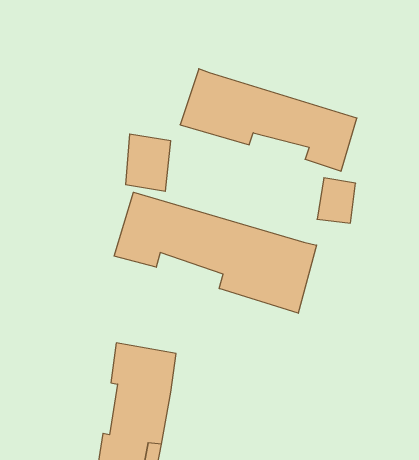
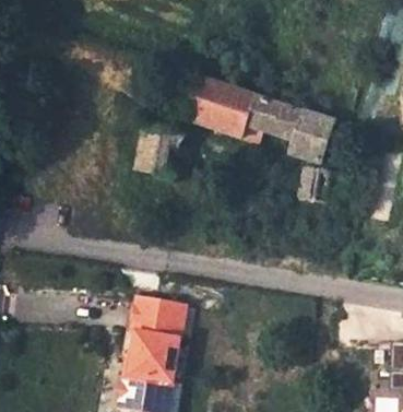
building: [114,192,317,313] -> none

